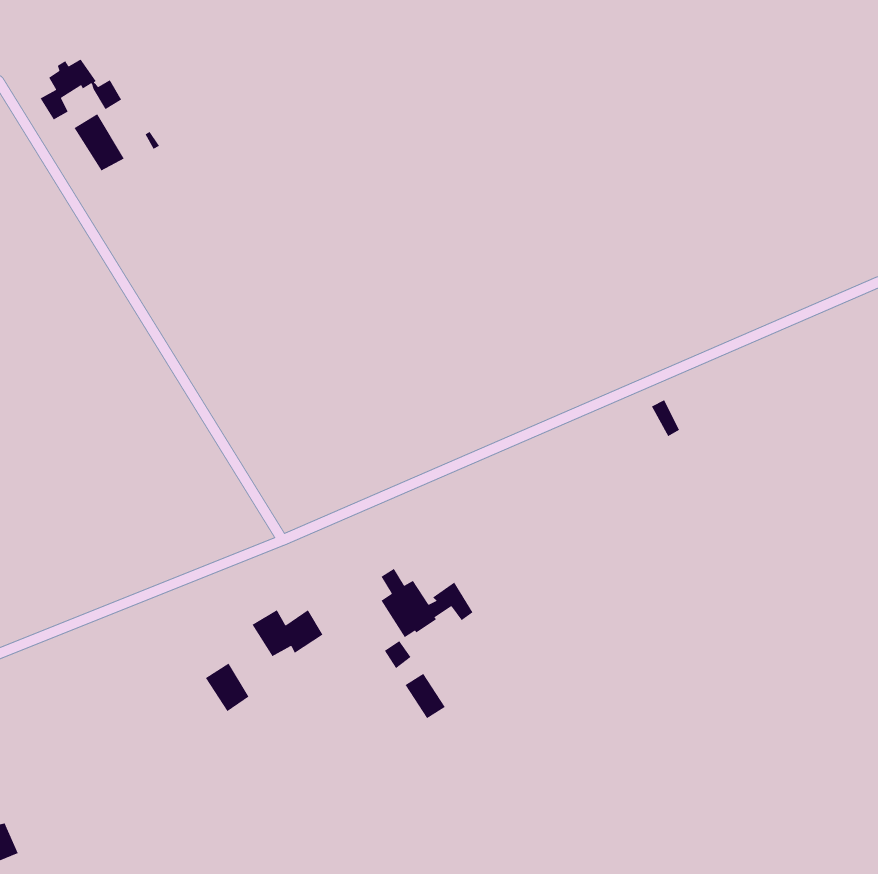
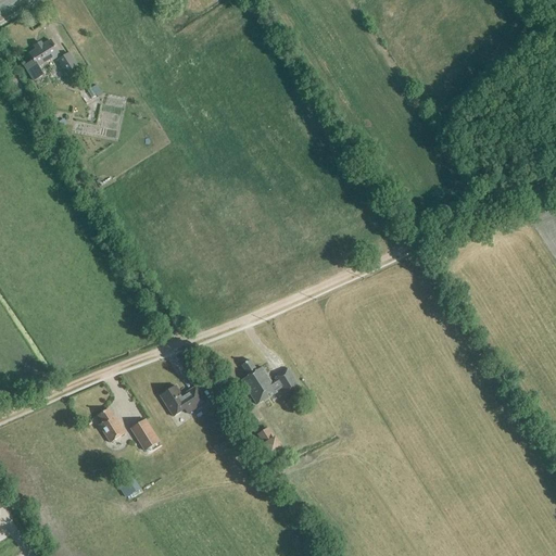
building: [74,113,125,172] -> none
building: none -> [97,407,124,441]

